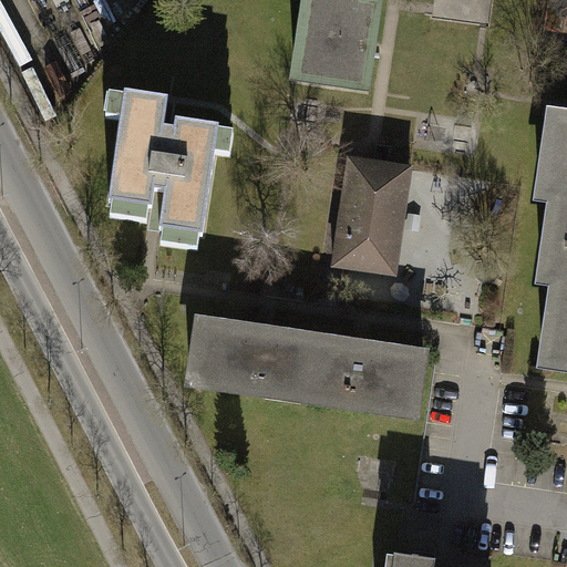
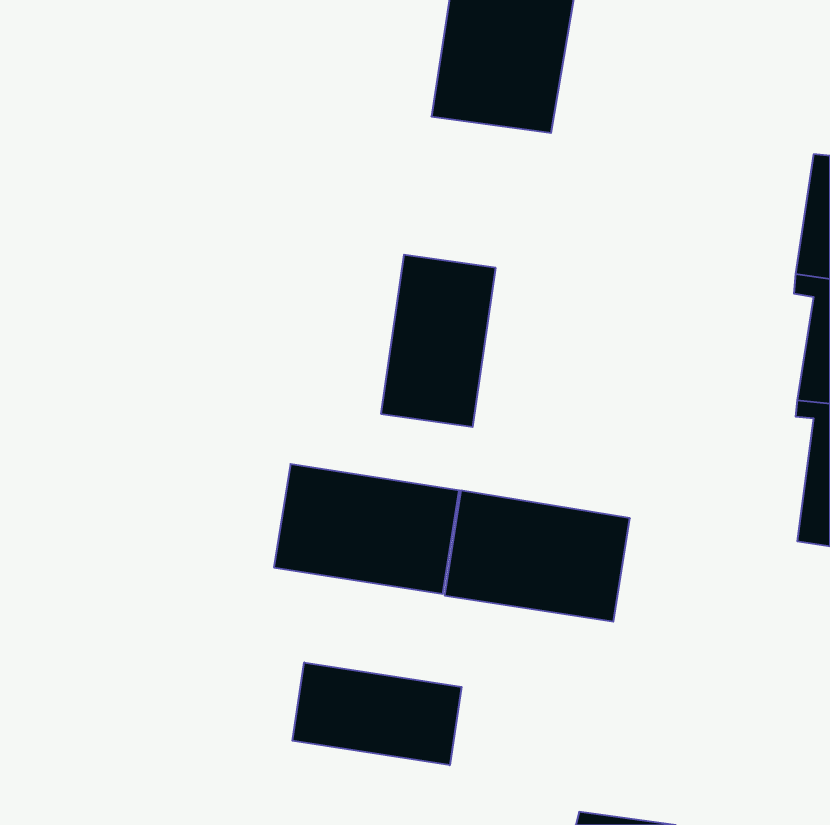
building: [112,90,221,237] -> none
building: [330,154,408,270] -> [381,255,496,427]
building: none -> [292,662,462,765]

